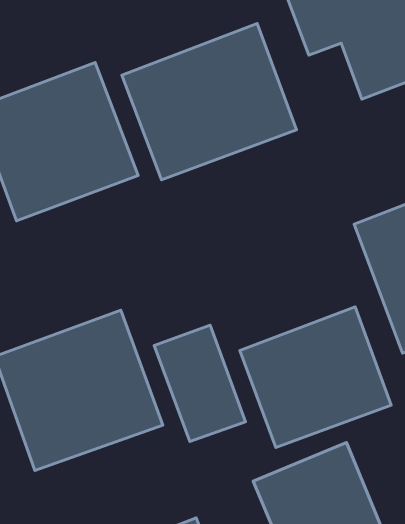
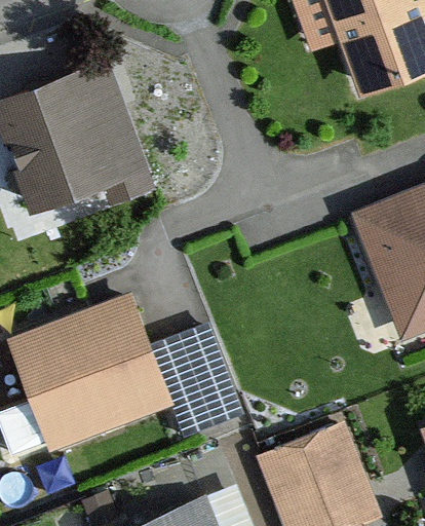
building: [122,23,297,180] -> none
building: [240,307,391,447] -> none

